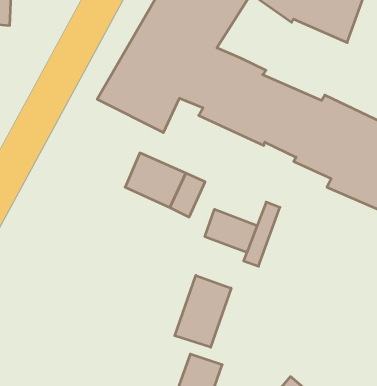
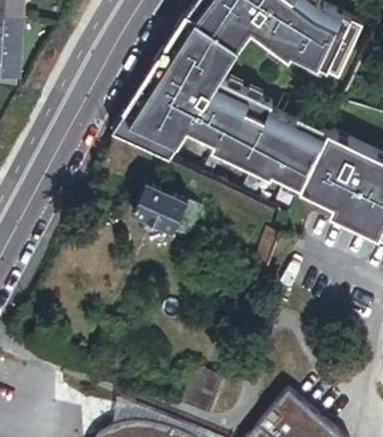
building: [205,209,257,252] -> none
building: [175,275,231,347] -> none

